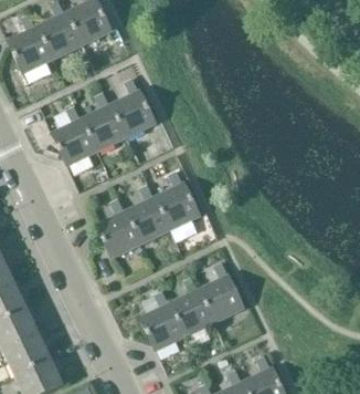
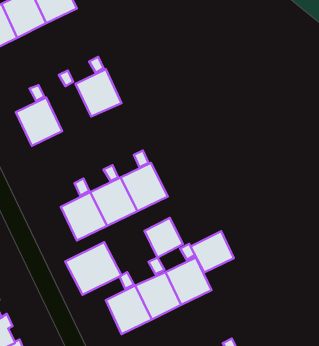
building: [81,104,125,151] -> none
building: none -> [144,218,183,257]
building: none -> [190,231,234,273]
building: none -> [65,242,121,295]

